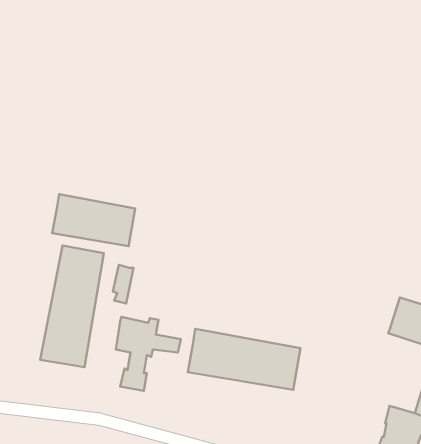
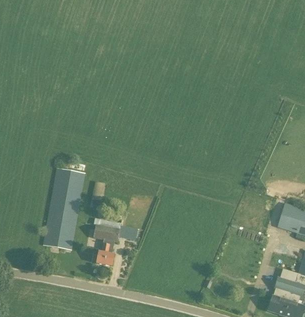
building: [52,194,135,246] -> none
building: [188,329,300,390] -> none

